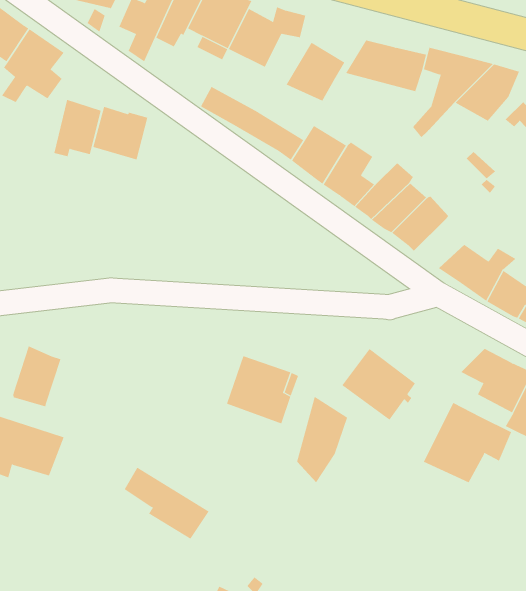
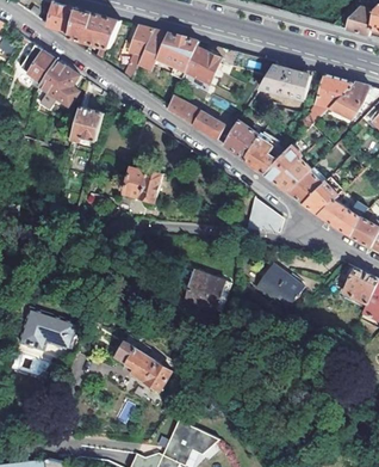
building: [286,42,345,101] -> none
building: [92,106,148,160] -> [125,167,161,202]
building: none -> [303,182,337,214]
building: none -> [246,199,282,234]
building: [13,346,61,407] -> none
building: [297,396,348,483] -> none
building: [423,402,512,483] -> none

